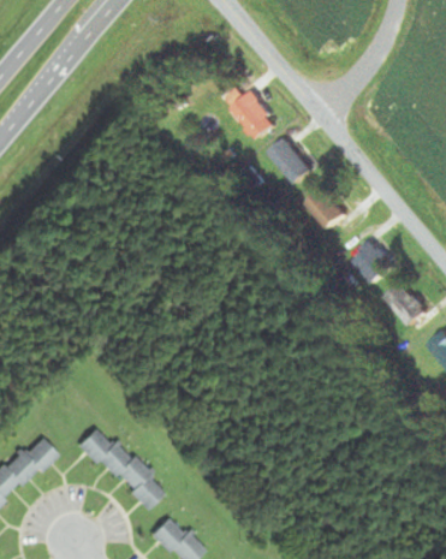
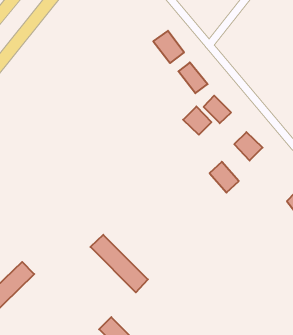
building: none -> [183,106,211,135]
building: [386,280,429,326] -> [210,162,239,193]
building: [79,426,165,511] -> [90,235,148,292]

